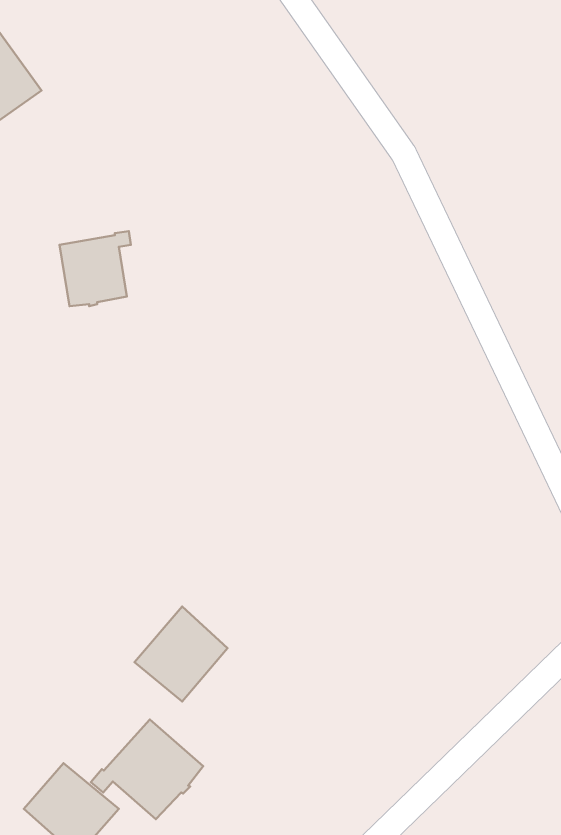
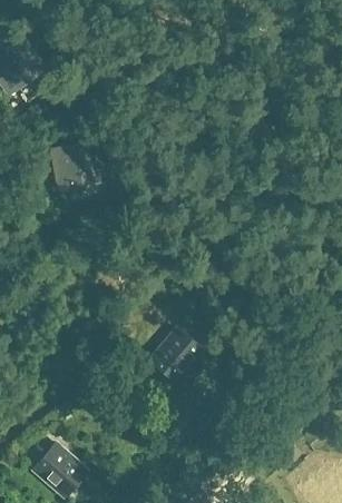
building: [135,607,228,702] -> [150,327,203,381]
building: [91,720,203,819] -> none

